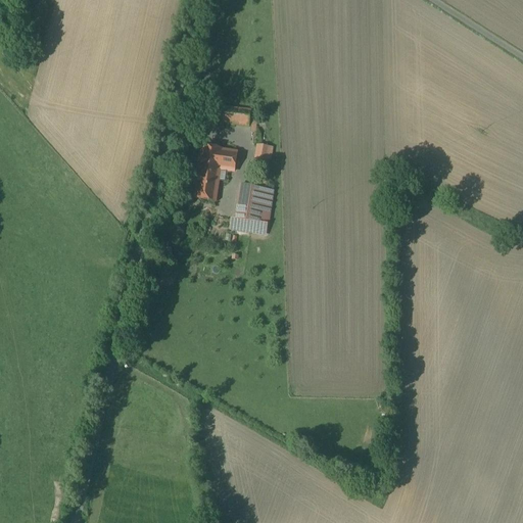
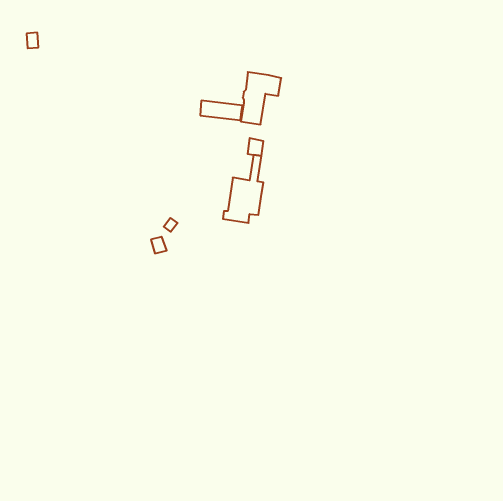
building: [196,145,238,199] -> [241,72,281,124]

